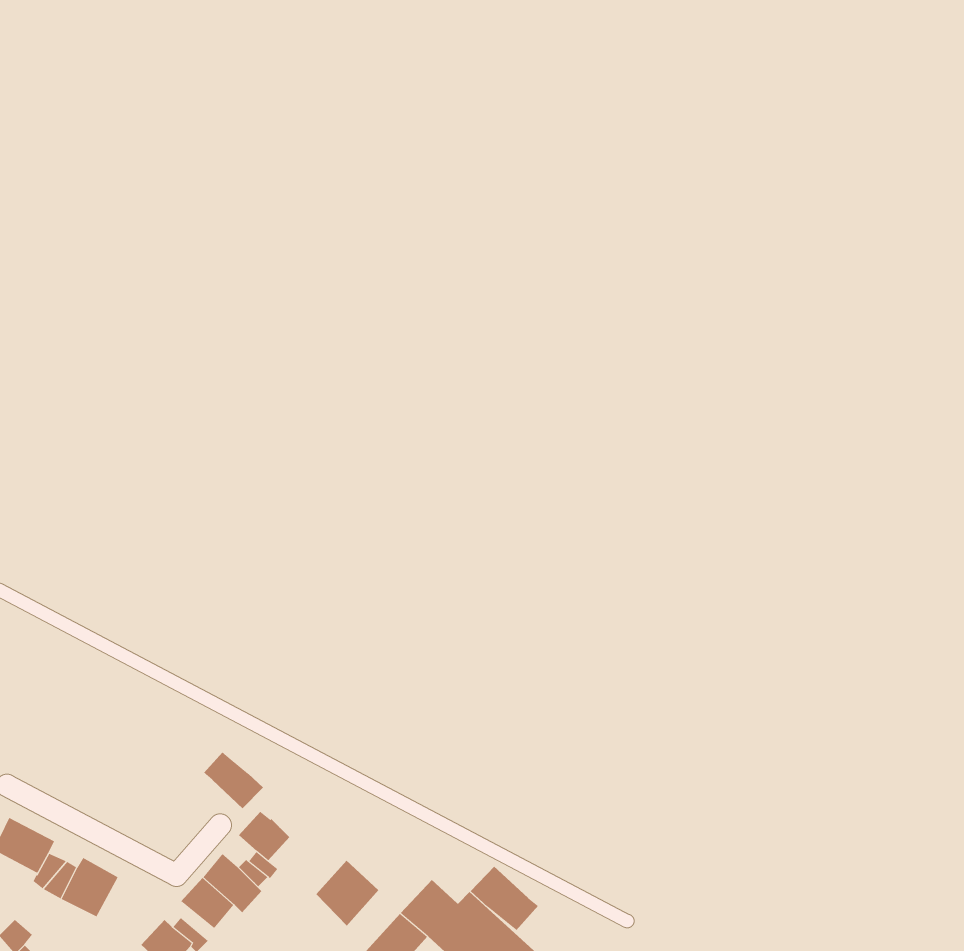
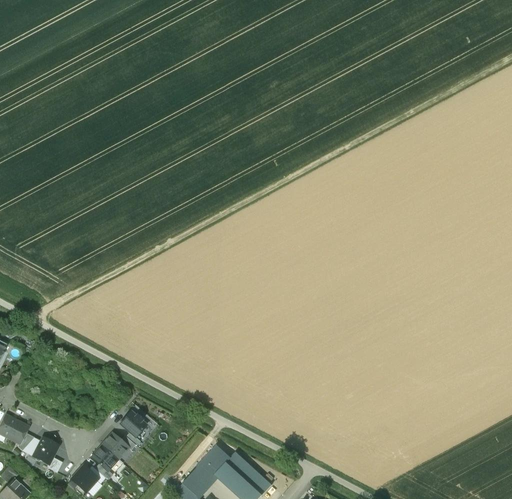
building: [203,752,264,809] -> none
building: [316,860,379,927] -> none
building: [470,866,539,931] -> none

